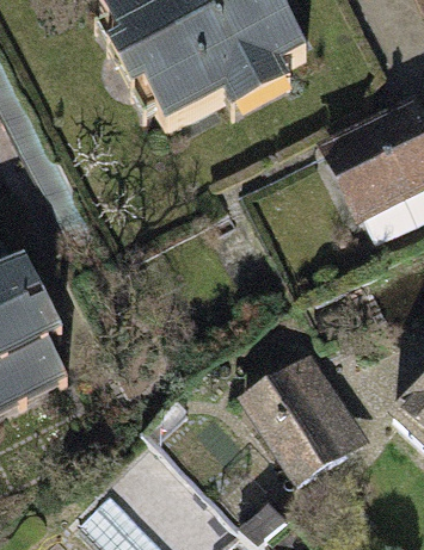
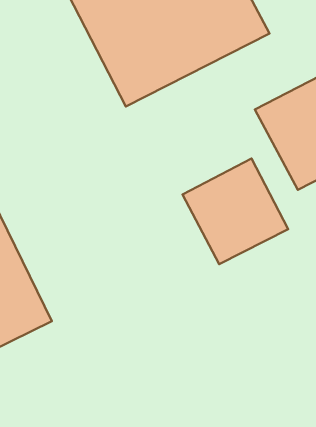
building: none -> [183,158,288,264]
building: [235,350,362,486] -> none

